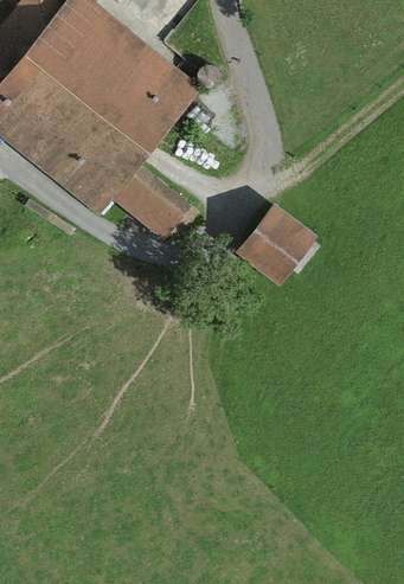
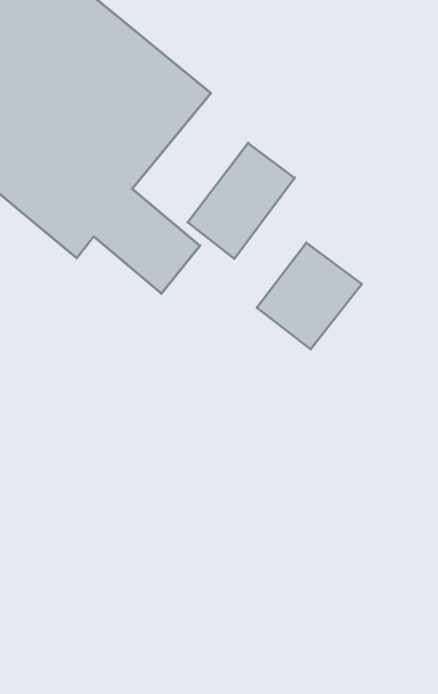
building: none -> [188,143,295,259]

